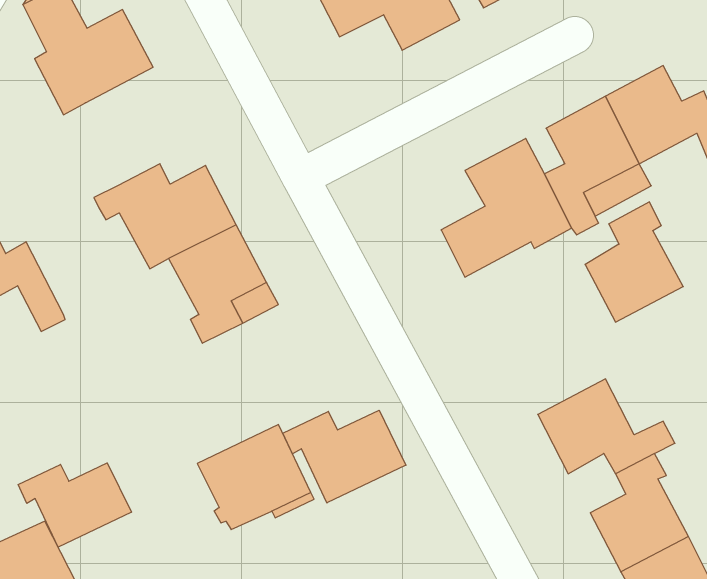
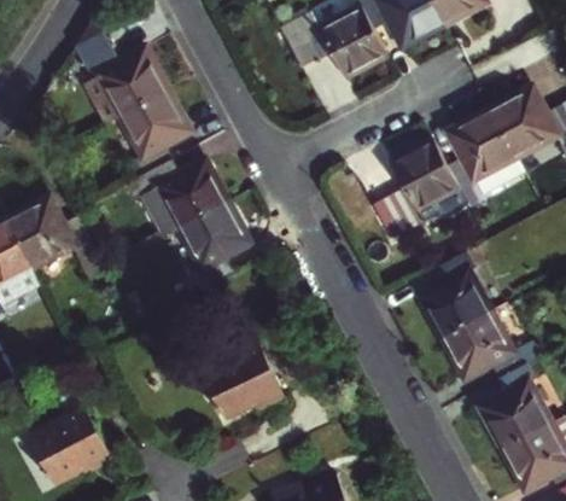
building: none -> [119,88,189,173]
building: [585,202,683,322] -> [420,250,490,336]
building: [283,410,406,503] -> none
building: [18,463,131,547] -> none

